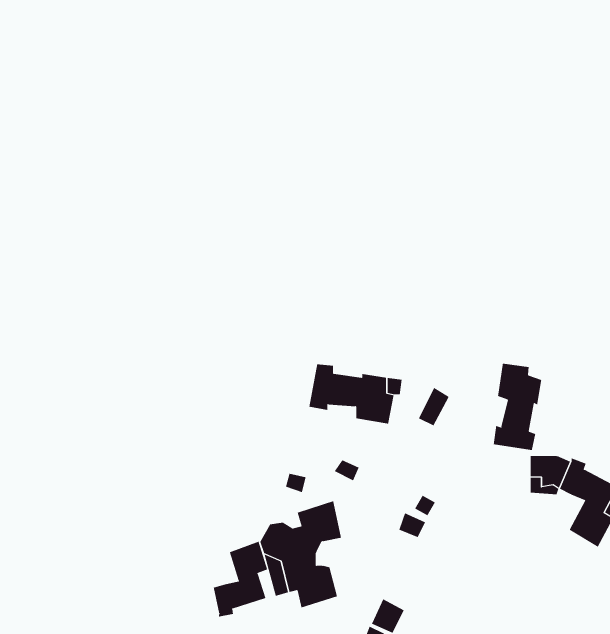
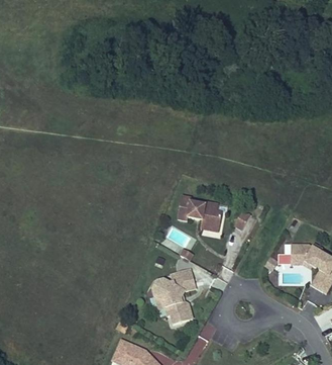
building: [493,363,542,451] -> none
building: [213,541,268,617] -> none

